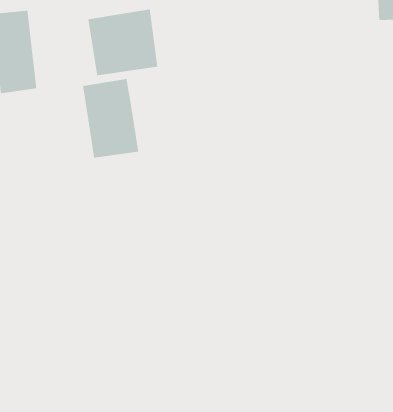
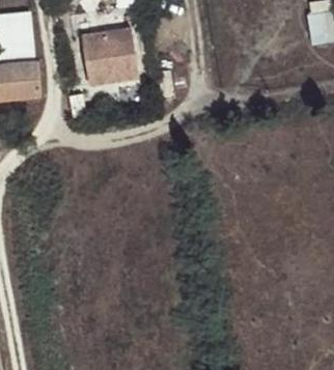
building: [82,78,139,159] -> none

